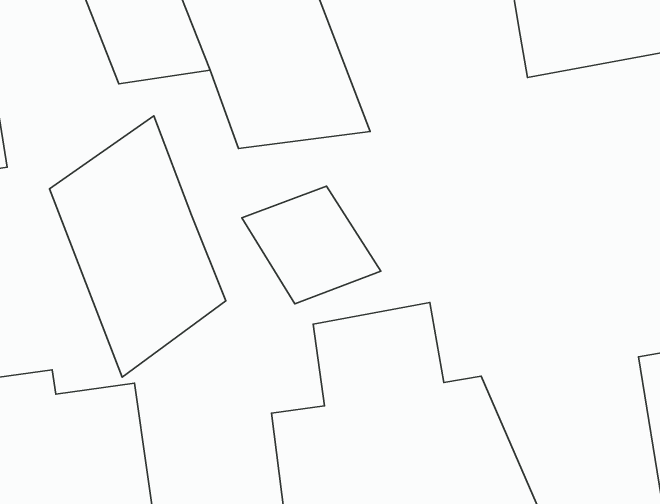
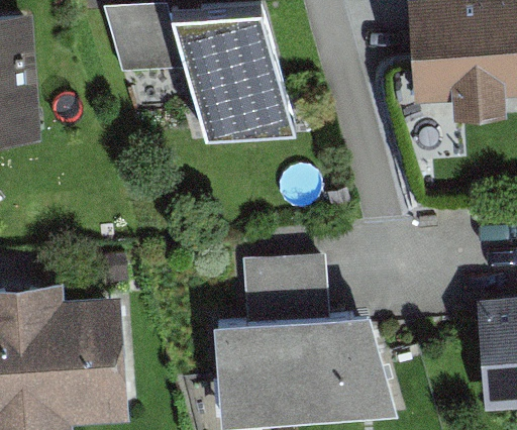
building: [50,116,226,377] -> none
building: [242,186,381,304] -> none

